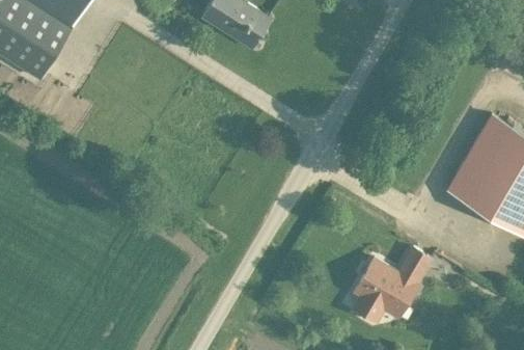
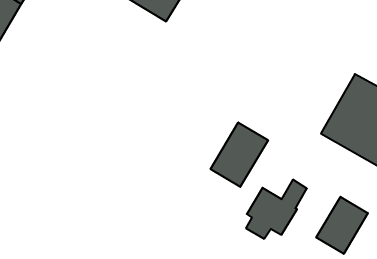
building: none -> [211,122,268,187]
building: none -> [316,197,368,254]

